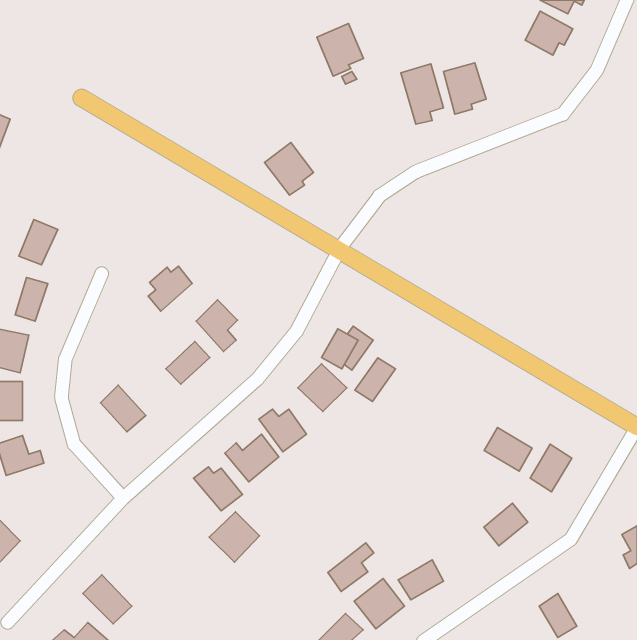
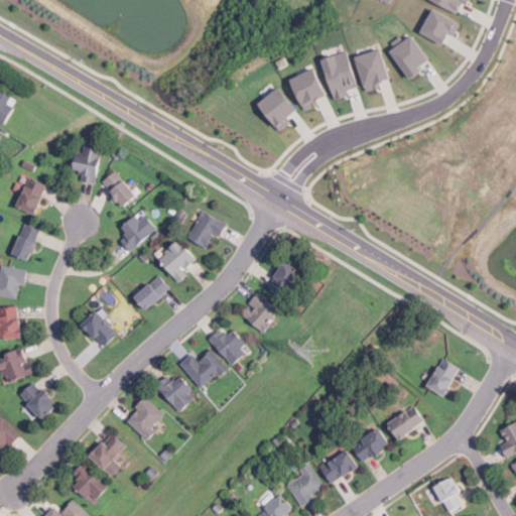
building: [317,23,363,76] -> [290,70,328,112]
building: none -> [391,37,428,81]
building: [264,142,313,195] -> [258,89,297,131]
building: none -> [74,145,99,182]
building: none -> [101,170,135,208]
building: none -> [185,211,223,250]
building: [355,358,395,401] -> none
building: [484,428,532,471] -> none
building: none -> [19,381,54,419]
building: [209,512,259,562] -> [123,398,163,438]
building: none -> [351,428,388,463]
building: none -> [89,433,125,478]
building: [328,543,374,591] -> none

